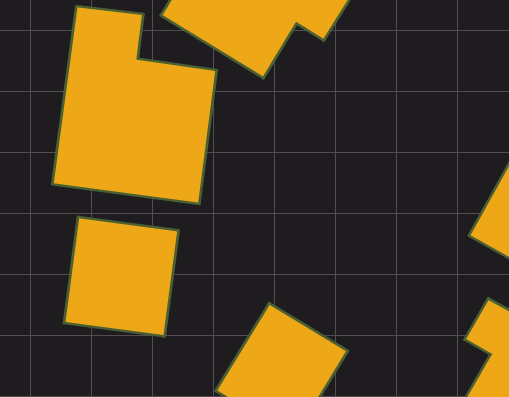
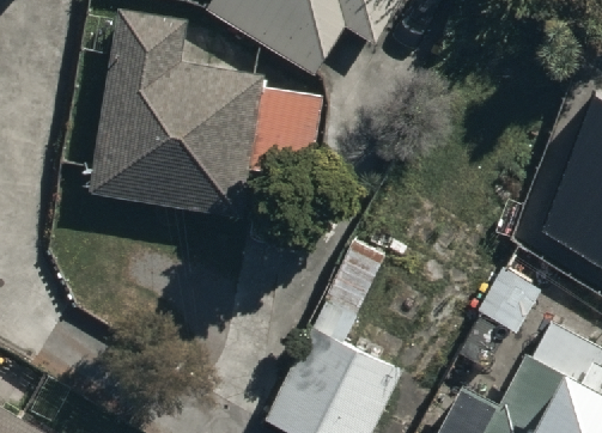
building: [64,217,178,337] -> none

